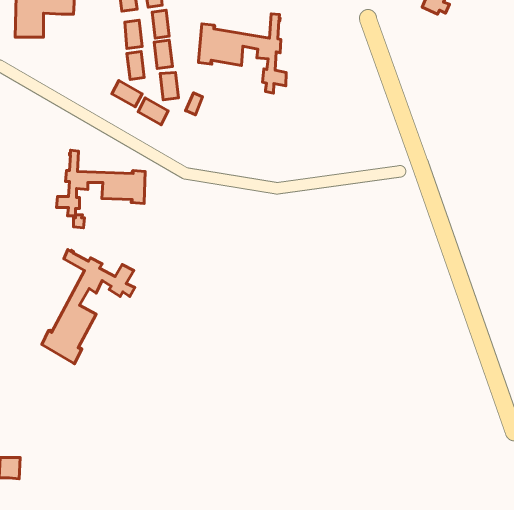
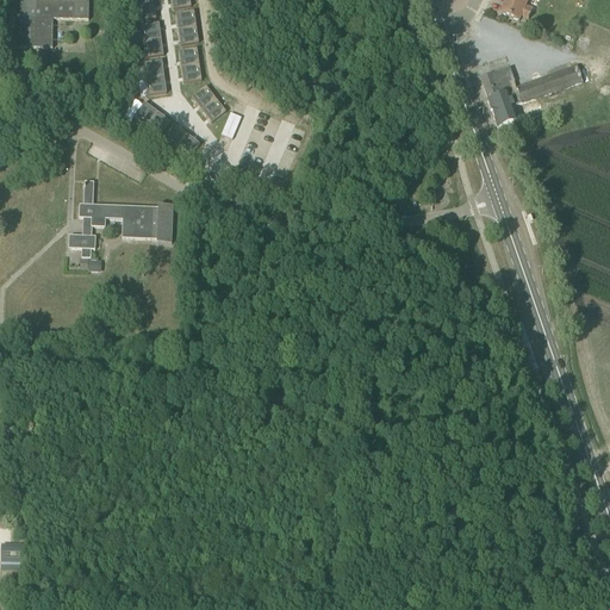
building: [198,14,286,93] -> none
building: none -> [480,61,597,127]
building: [42,250,135,364] -> none

